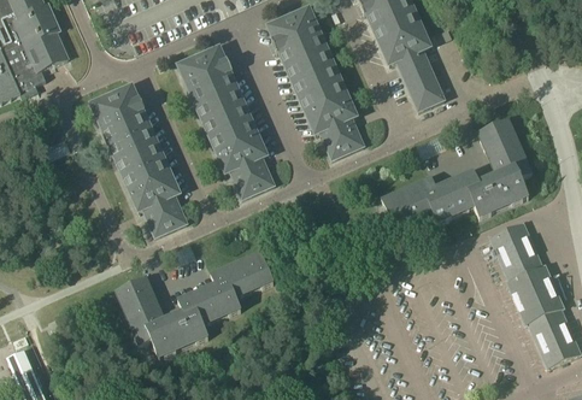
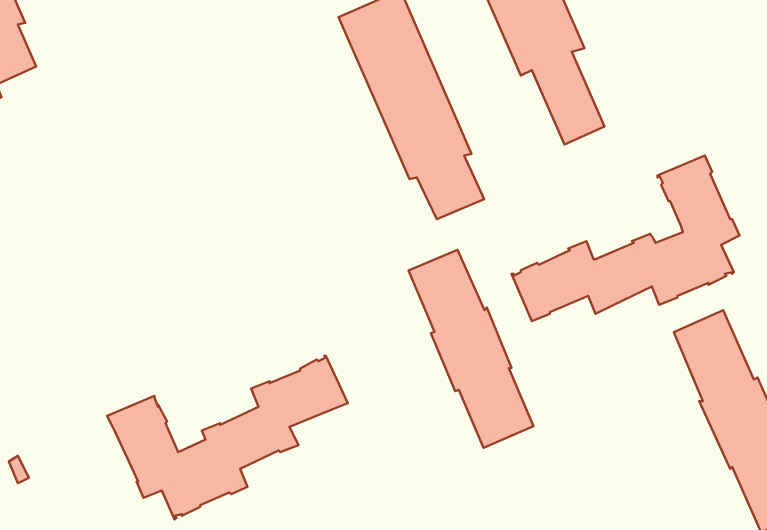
building: [177,45,275,199] -> none
building: [90,83,188,237] -> none
building: none -> [409,250,534,448]

